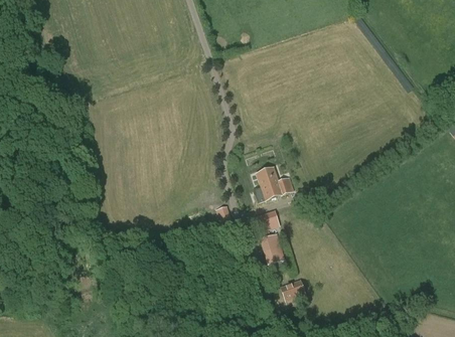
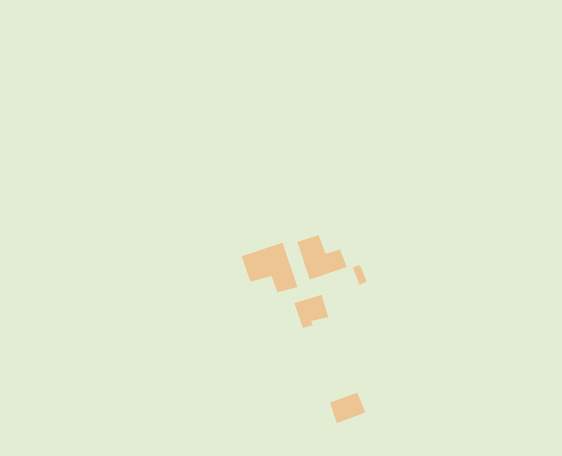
building: none -> [241,242,298,293]
building: [259,233,284,265] -> none

